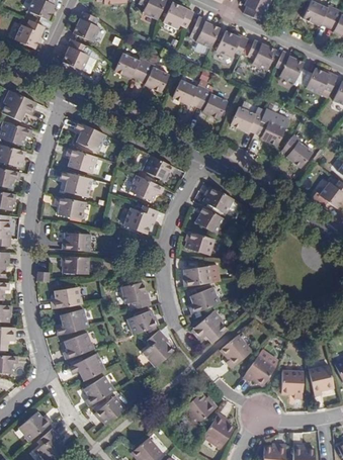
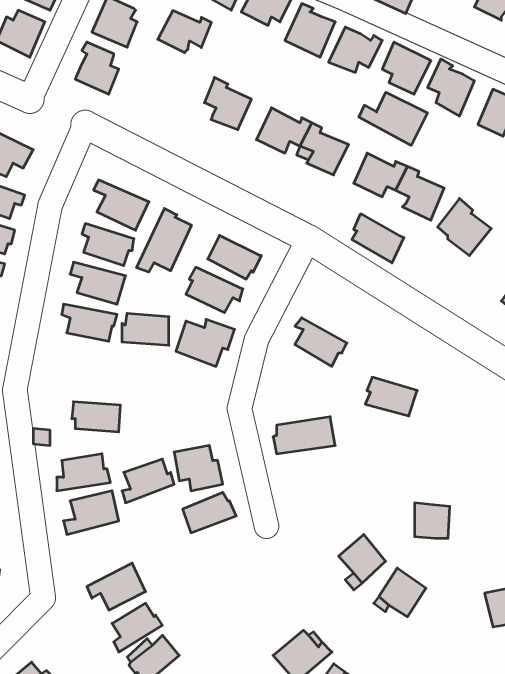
building: [113,54,146,79] -> [158,11,211,53]
building: none -> [359,92,427,145]
building: none -> [137,208,191,272]
building: [202,186,234,215] -> [352,214,404,263]
building: [183,232,215,255] -> [365,377,417,416]
building: [62,233,90,252] -> [122,313,169,345]
building: [187,288,221,314] -> none
building: [190,310,227,344] -> none
building: [142,330,173,367] -> none
building: [63,334,94,360] -> [122,459,174,503]
building: [281,372,303,393] -> [415,503,450,538]

